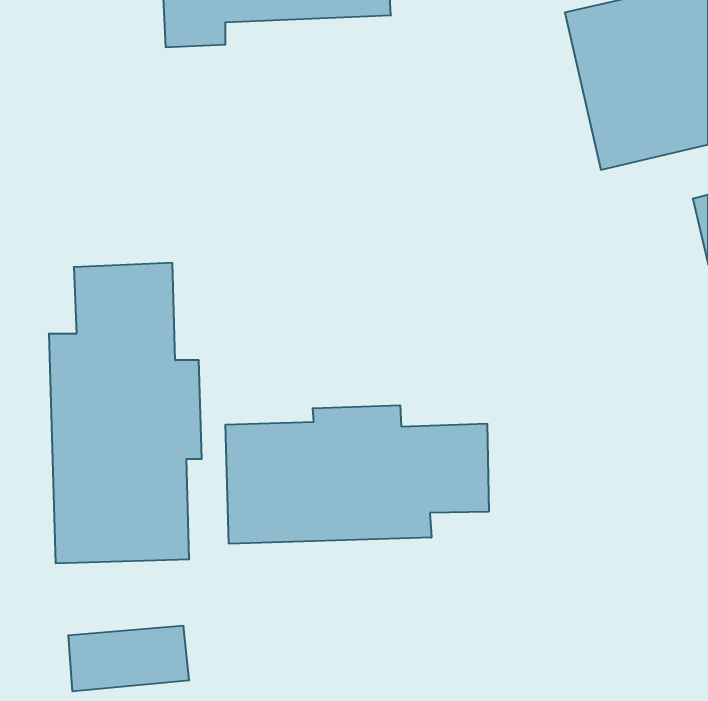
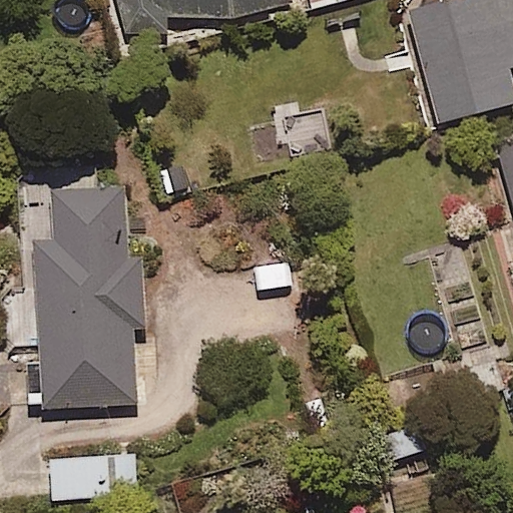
building: [225,405,489,544] -> none

